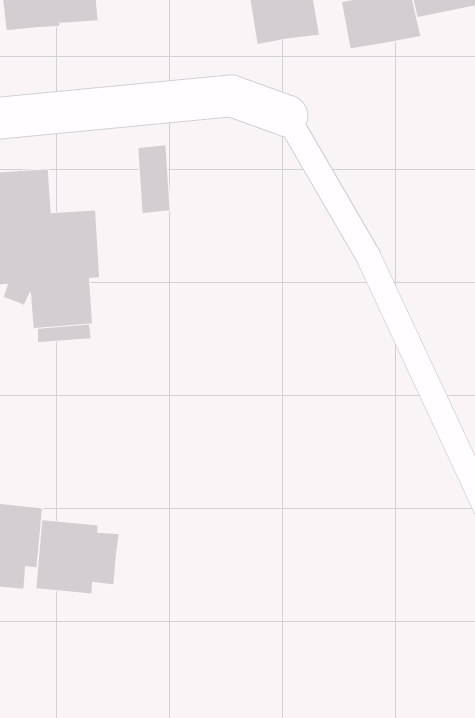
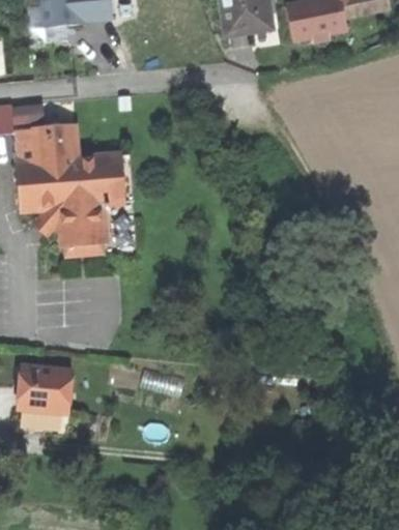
building: [138,145,170,213] -> [109,154,133,204]
building: [36,519,119,594] -> none

